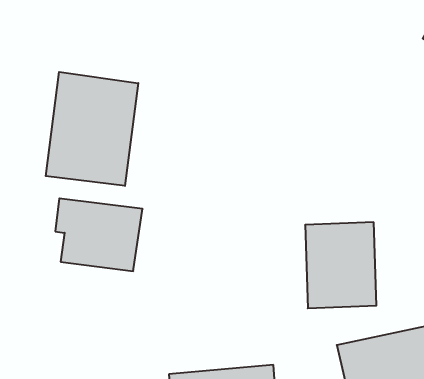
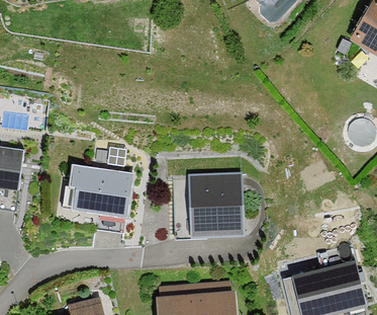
building: [46,72,138,186] -> none
building: [305,222,376,308] -> [189,171,244,237]

